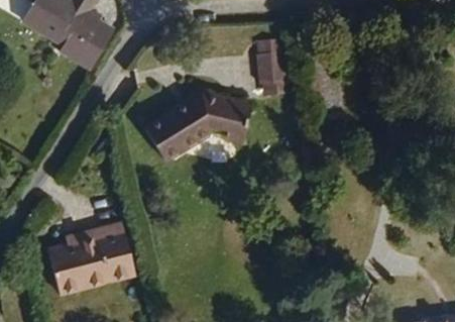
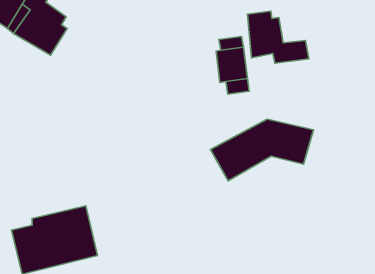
building: none -> [247,11,309,63]
building: [146,98,252,162] -> [211,119,313,181]

